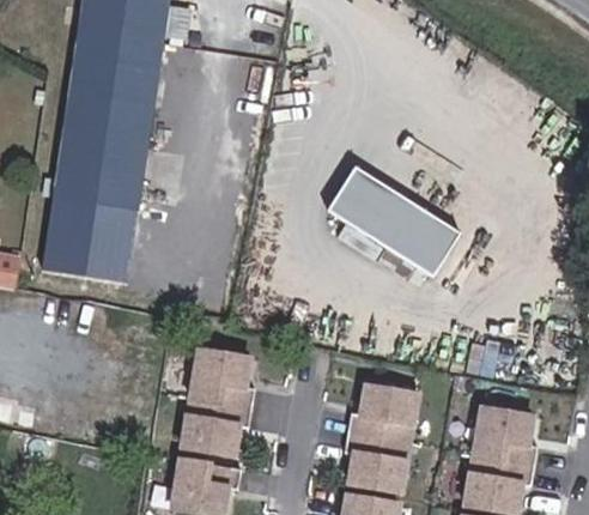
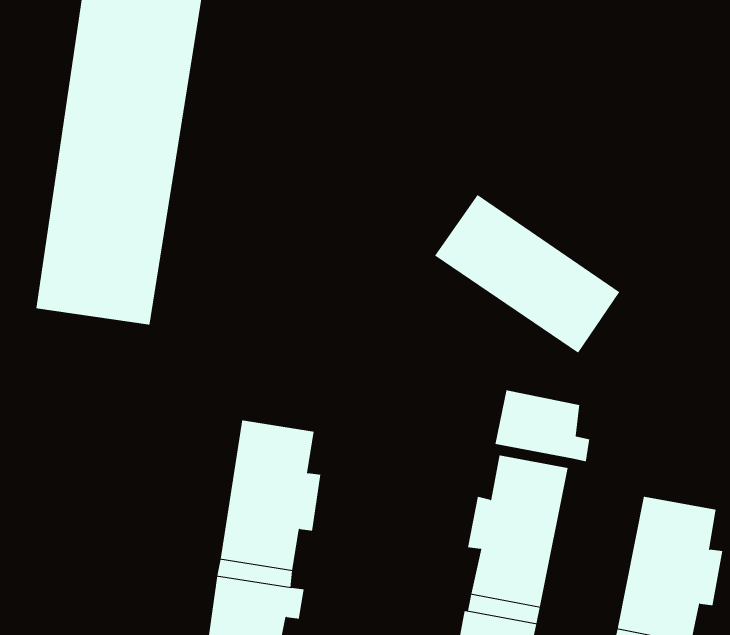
building: none -> [495,390,590,462]

